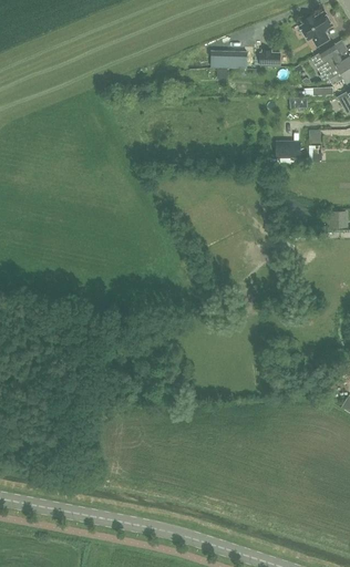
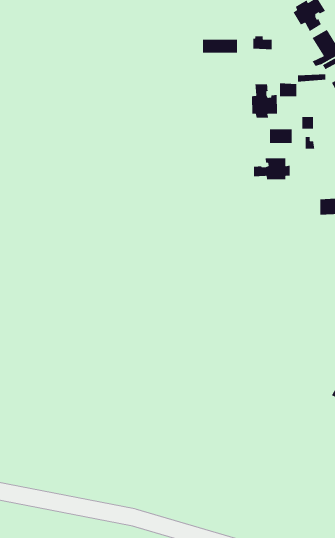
building: none -> [251,83,278,119]
building: none -> [253,157,291,180]

